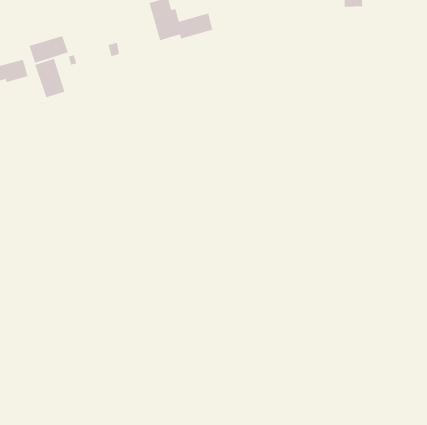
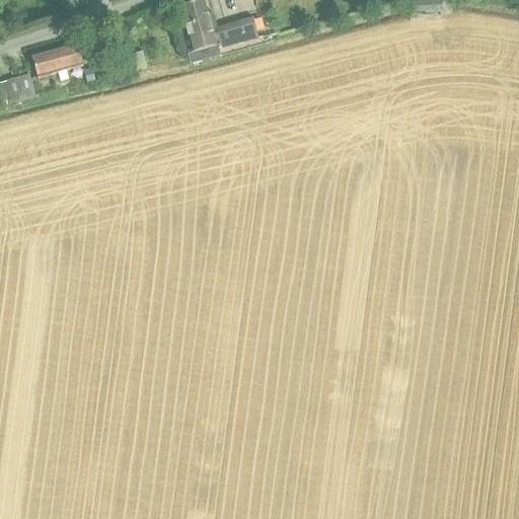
building: [34,58,65,98] -> none

